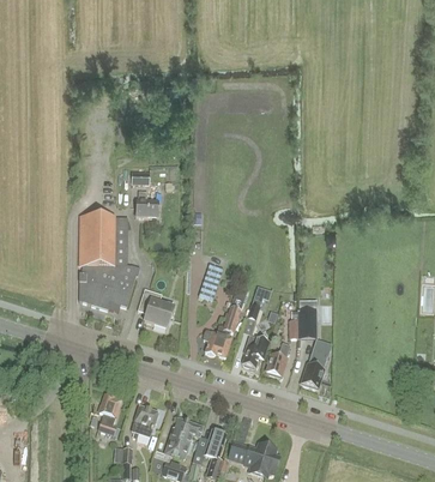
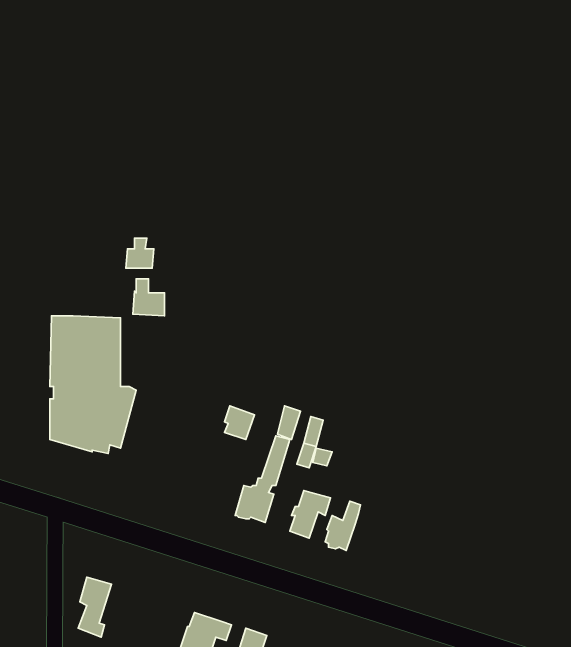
building: [138,290,174,329] -> none
building: [297,308,316,338] -> none
building: [301,344,330,388] -> none
building: [131,405,158,436] -> none

